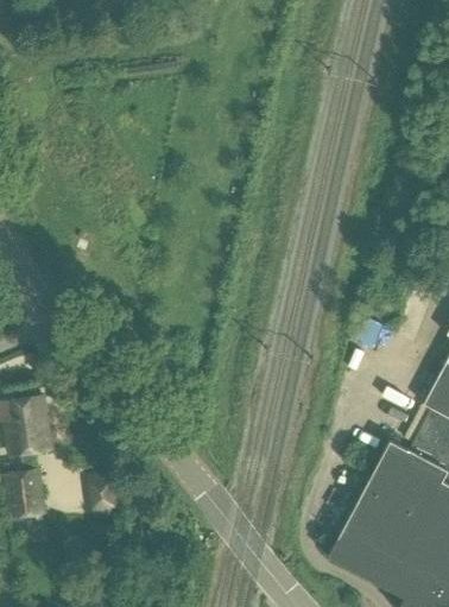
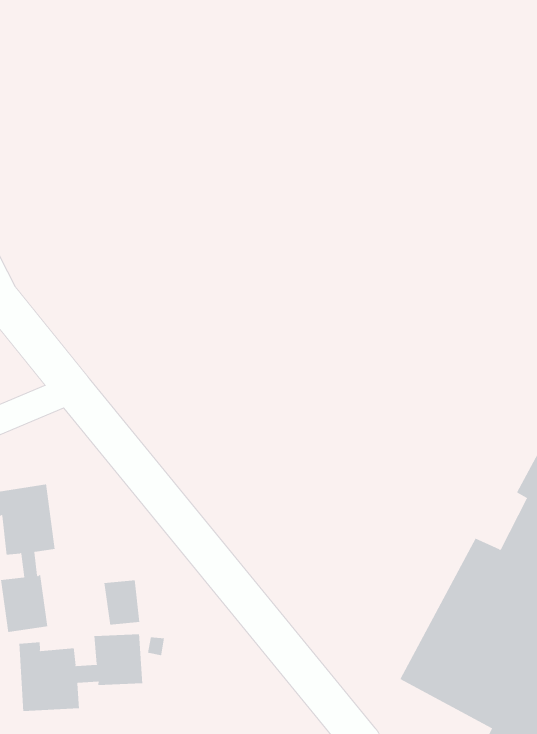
building: none -> [19,633,143,712]

